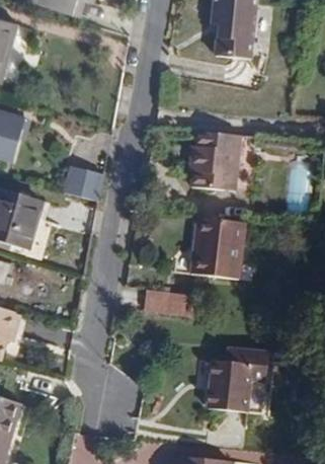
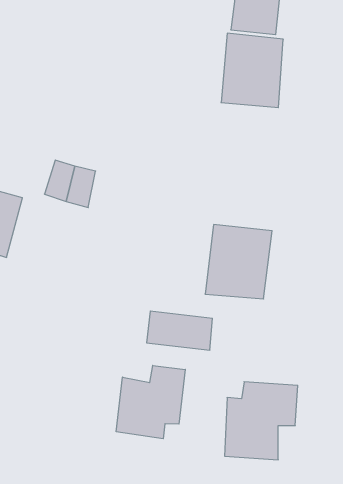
building: [189,131,241,192] -> [221,33,283,108]
building: none -> [116,365,185,439]

